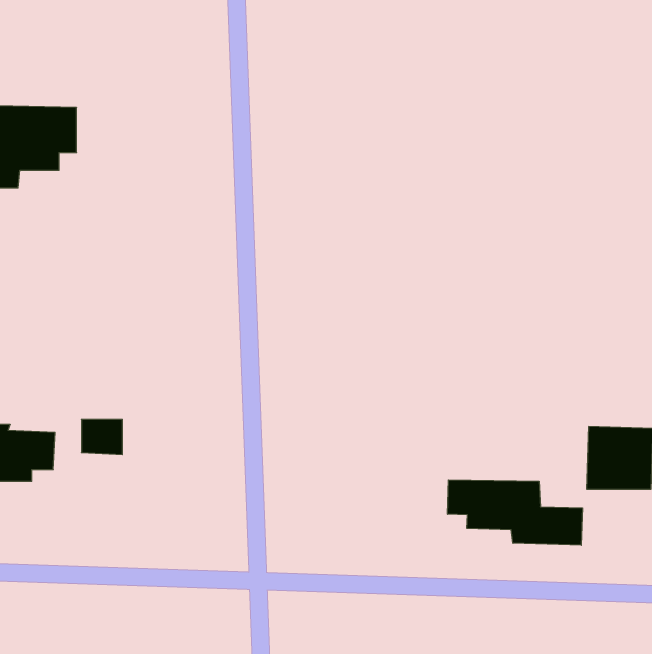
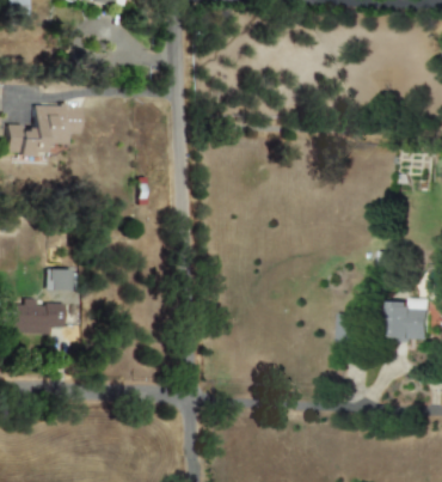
building: [81,419,122,455] -> [48,269,73,291]
building: [448,480,582,545] -> none

